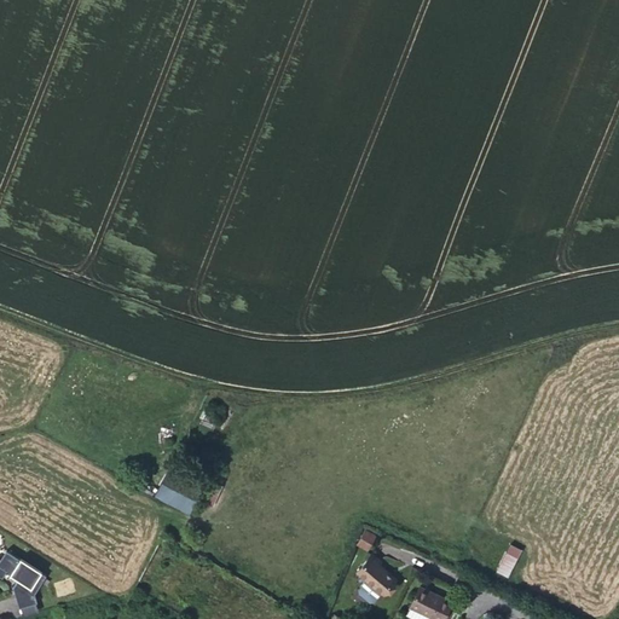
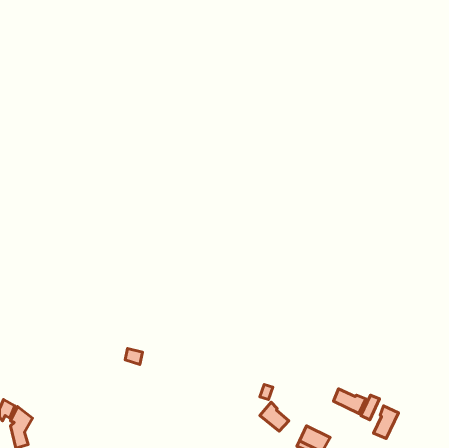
building: none -> [333,389,366,413]
building: none -> [374,406,399,438]

